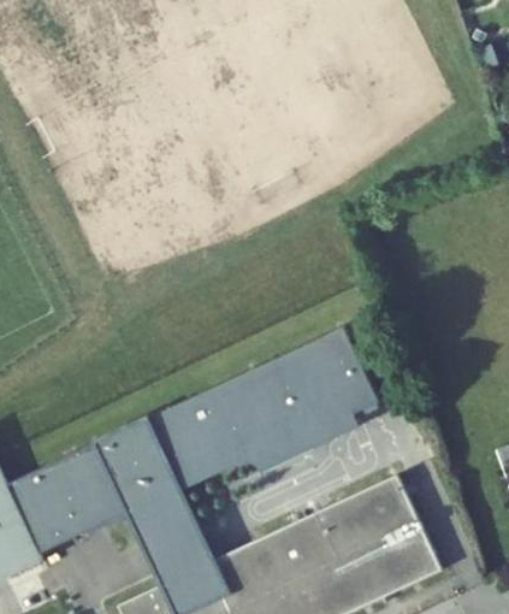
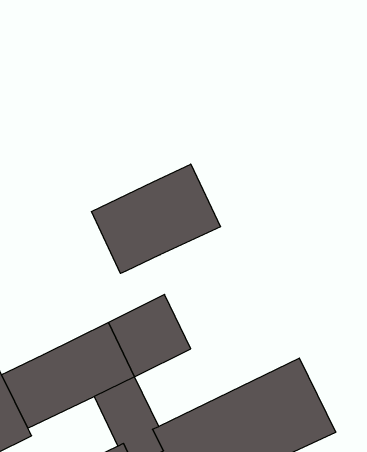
building: none -> [92,164,220,273]
building: [215,320,392,474] -> none

